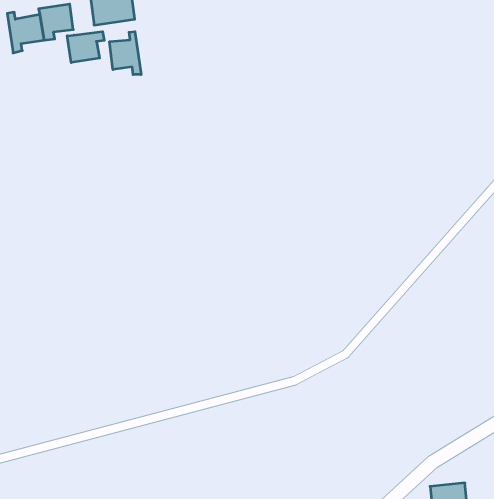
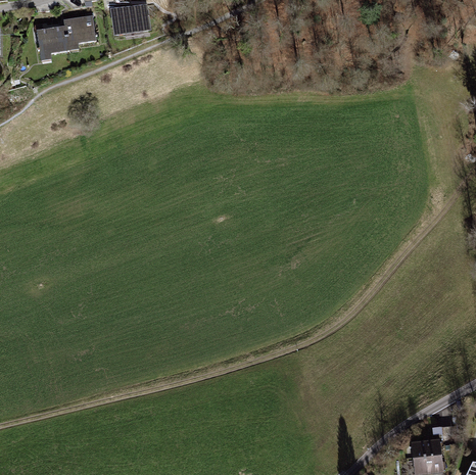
building: [110,32,141,75] -> none
building: [67,32,104,63] -> none

